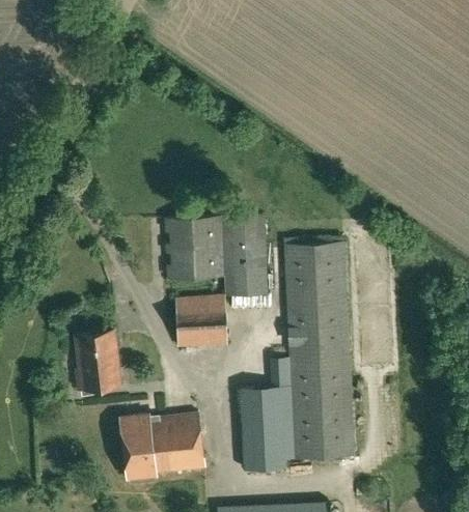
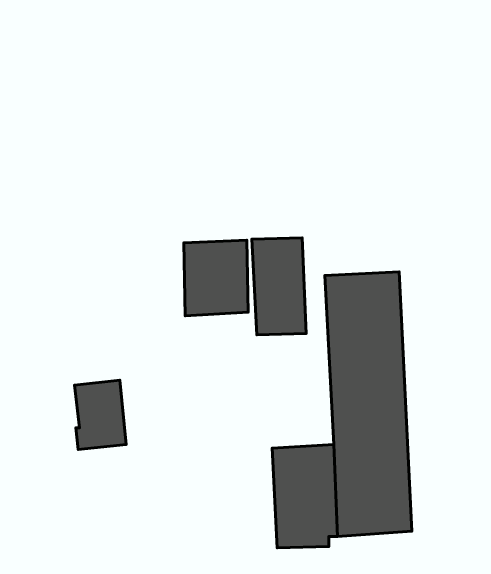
building: [175,295,227,349] -> none
building: [120,415,204,480] -> none

